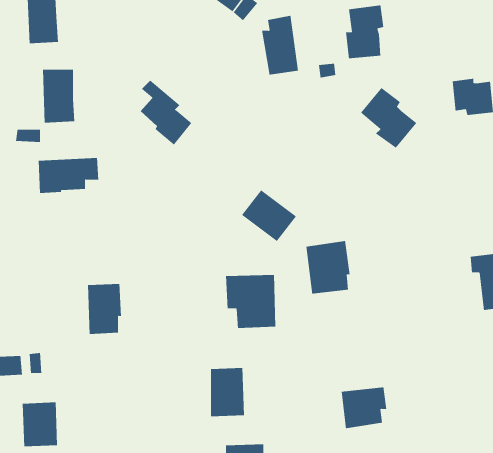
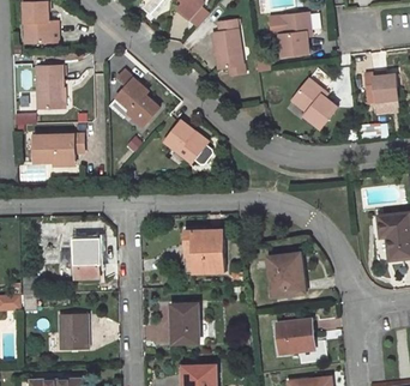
building: [241,189,297,242] -> [163,122,207,164]
building: [305,240,350,294] -> [267,252,303,295]
building: [22,402,58,447] -> [59,313,88,349]

